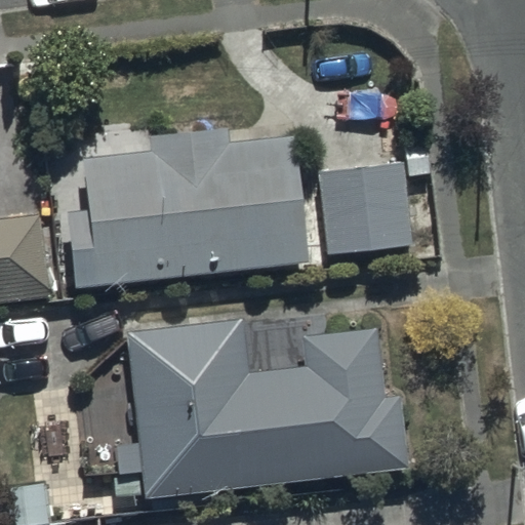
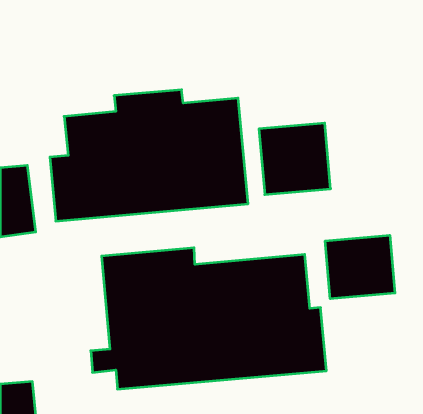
building: none -> [325,235,395,299]

